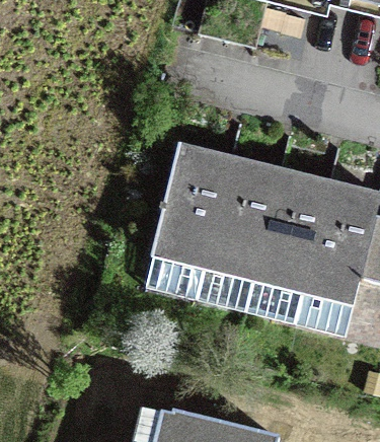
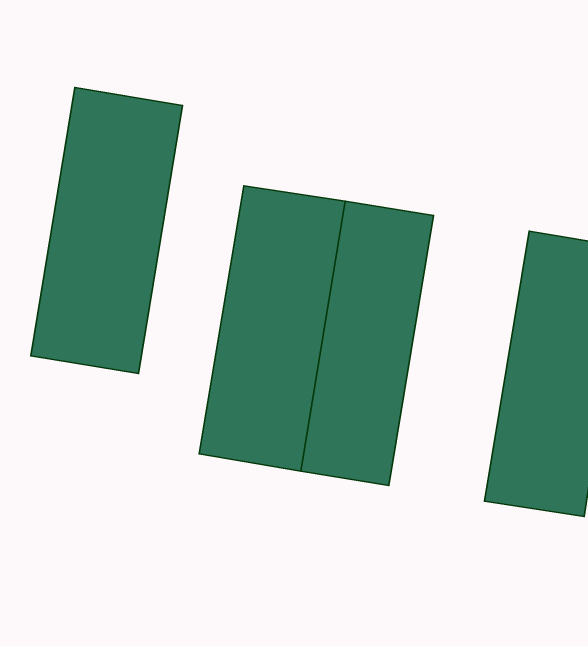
building: none -> [31,87,183,374]
building: [246,166,331,321] -> none

